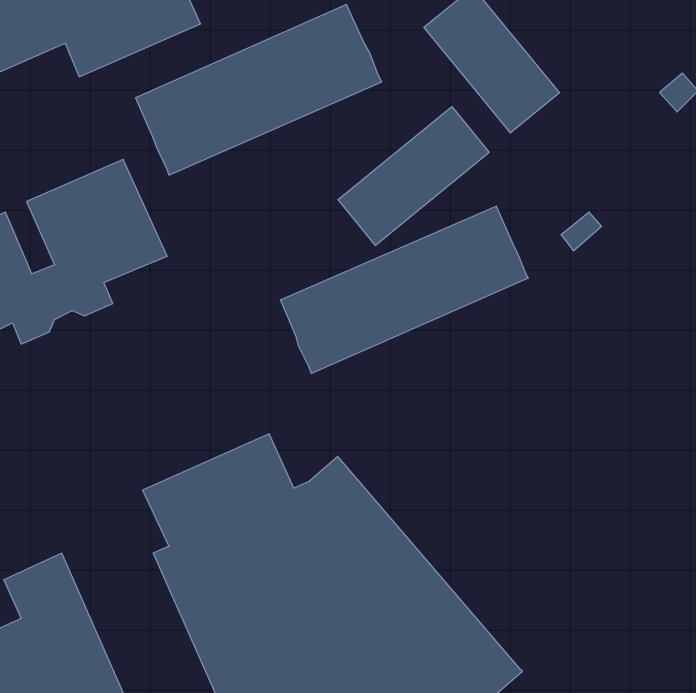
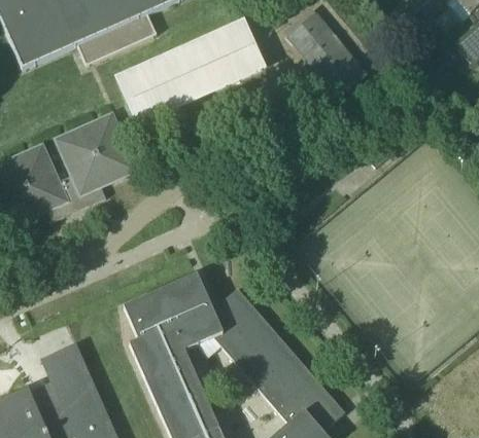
building: [338,107,489,245] -> none
building: [281,206,528,373] -> none

